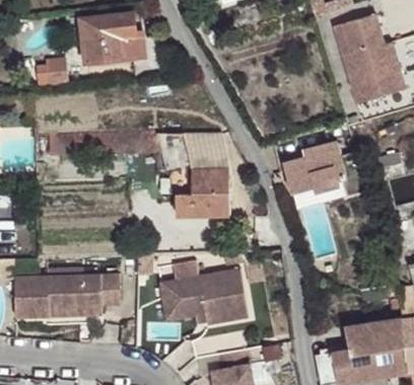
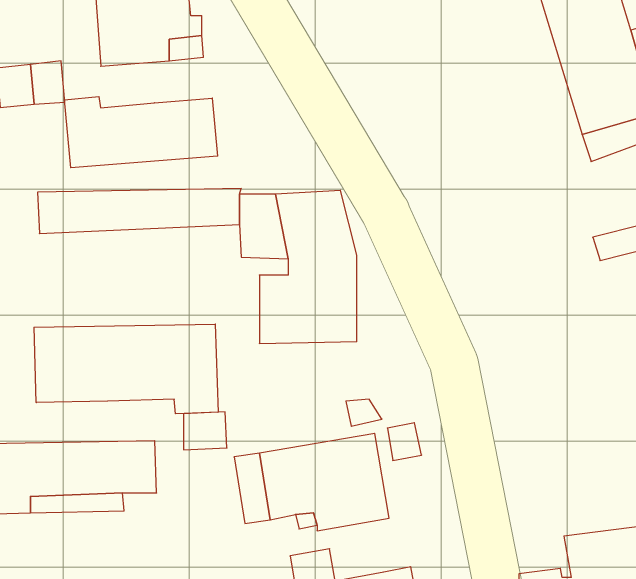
building: none -> [64,97,218,168]
building: [286,143,368,198] -> none
building: none -> [34,324,218,414]

